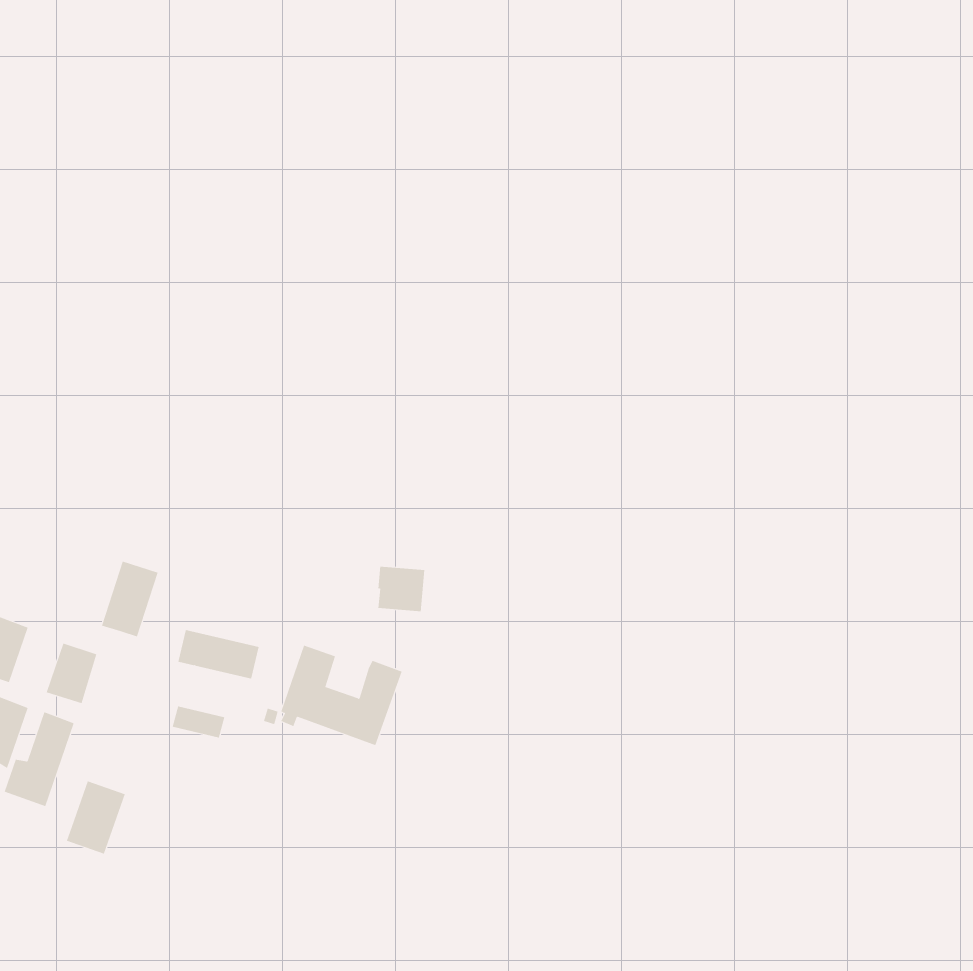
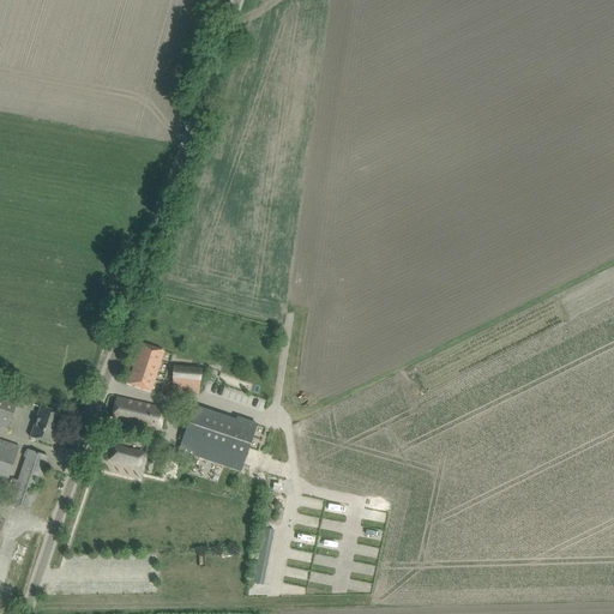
building: [101,561,158,637] -> [127,341,163,389]
building: [378,566,425,612] -> [170,365,200,393]
building: [66,780,126,854] -> none

